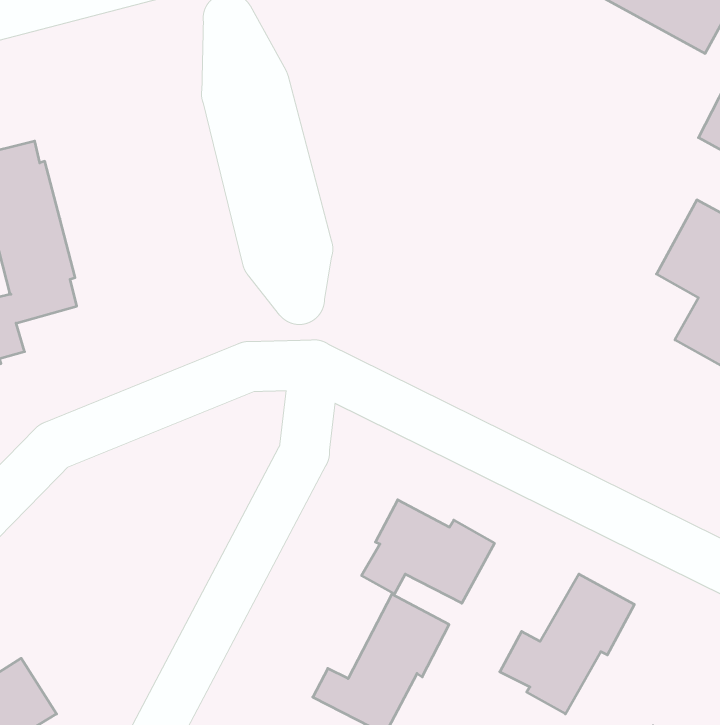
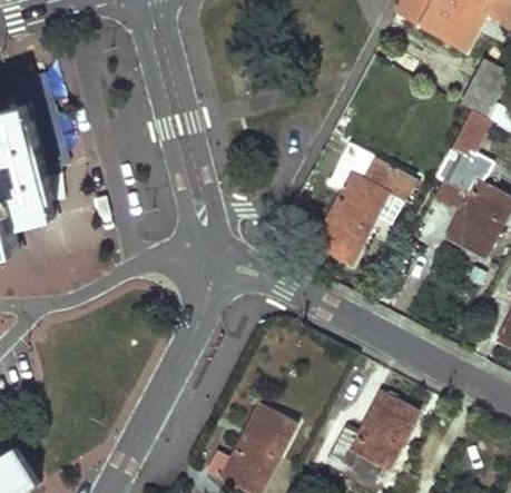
building: none -> [314,146,416,265]
building: [362,500,494,603] -> none

